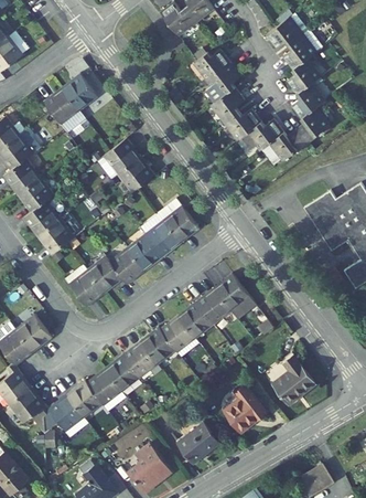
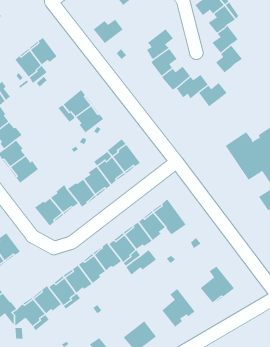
building: [193,50,230,81] -> [93,19,123,44]
building: [295,107,329,142] -> none
building: none -> [126,249,157,276]

